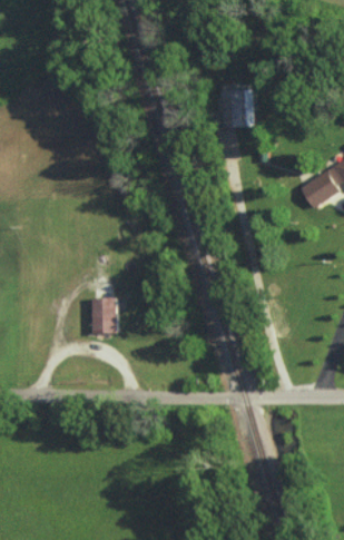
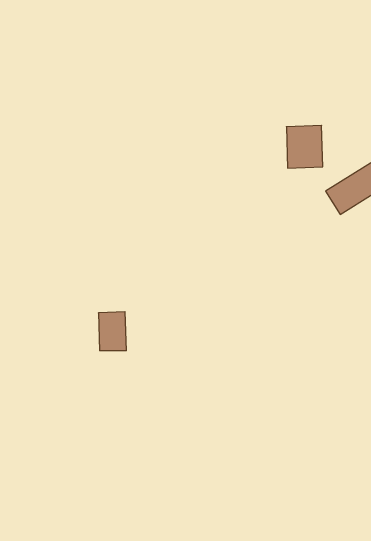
building: [220,88,254,127] -> [286,125,323,168]

